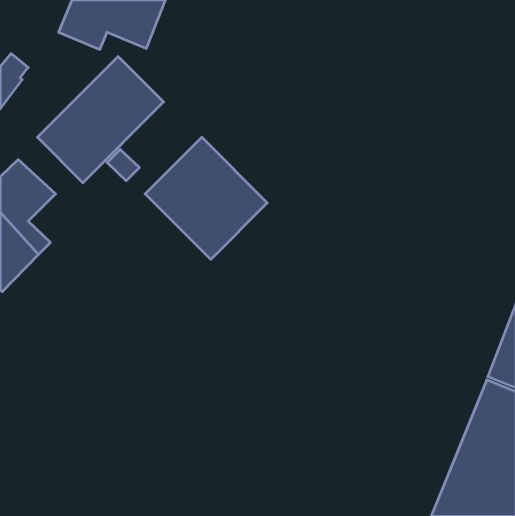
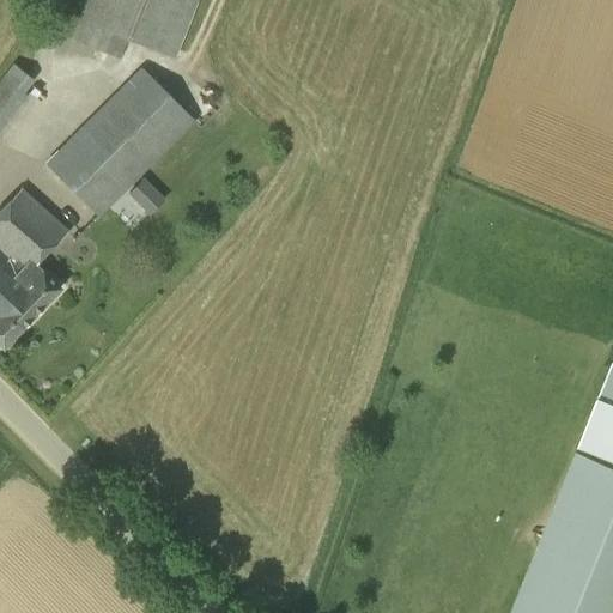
building: [145,137,267,259] -> none

